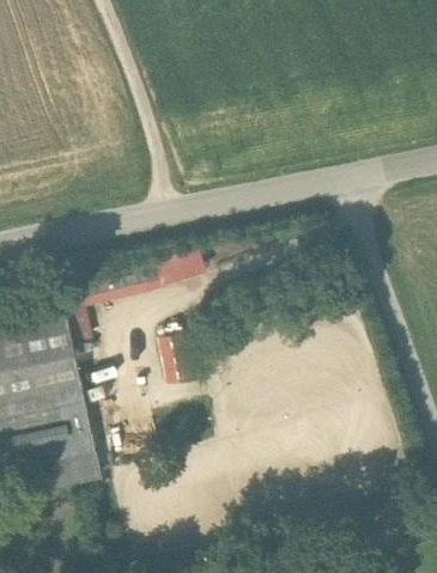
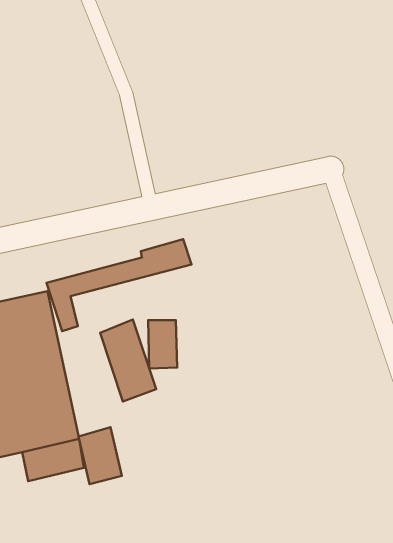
building: none -> [100,319,156,401]
building: none -> [79,427,122,484]

